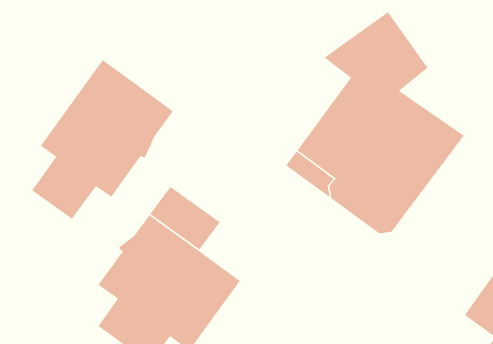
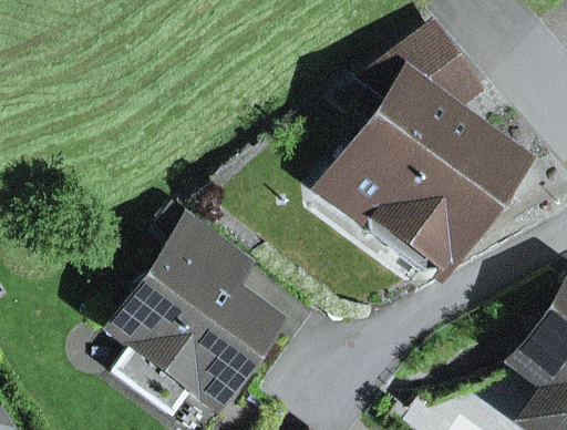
building: [31,59,174,220] -> none

